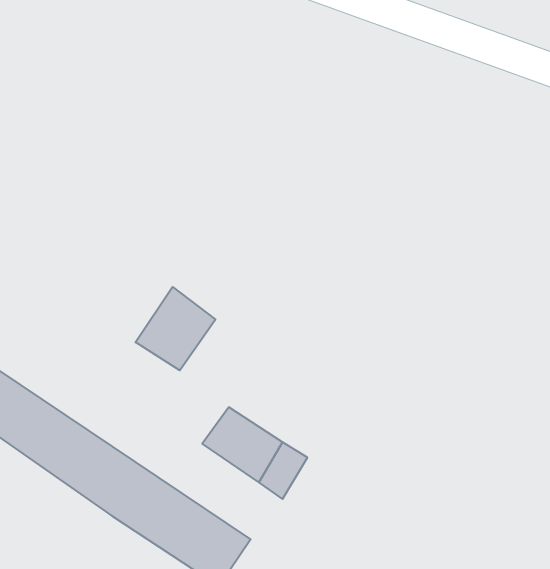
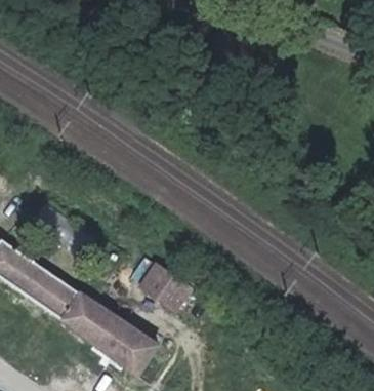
building: [135,287,215,370] -> none

